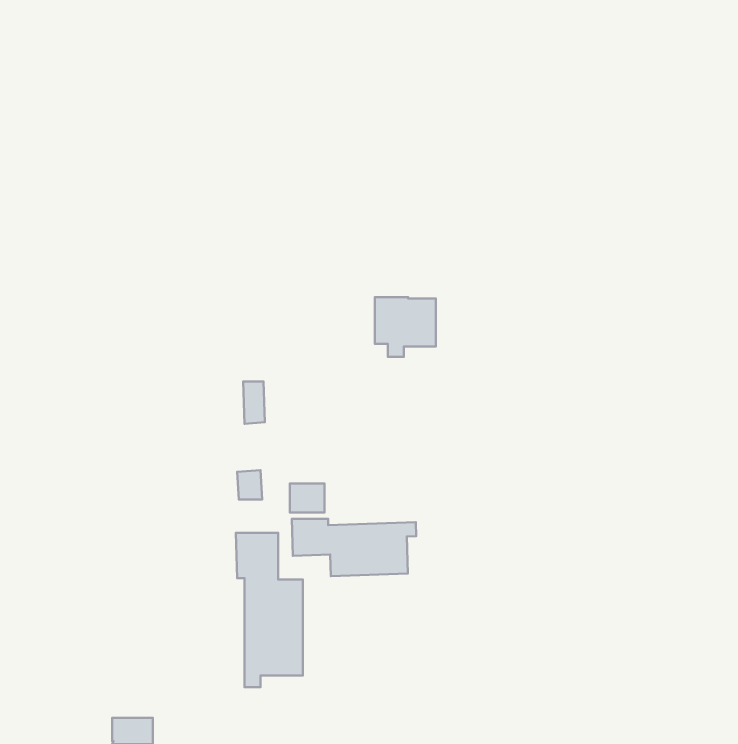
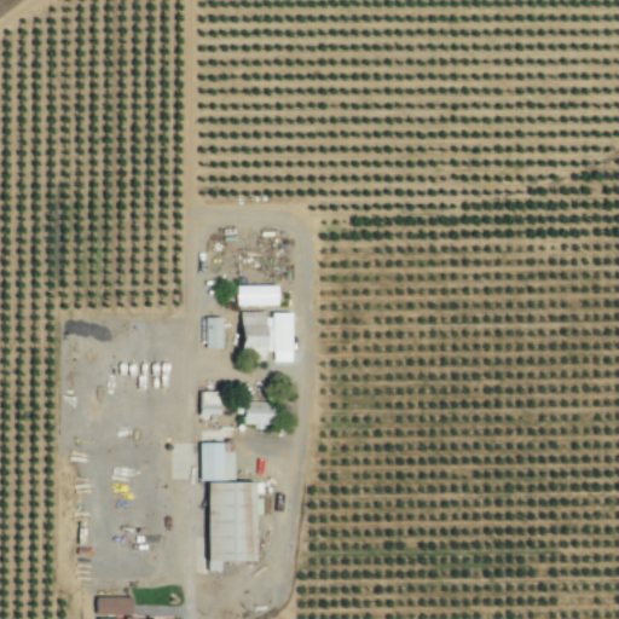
building: [375,297,436,357] -> [243,311,294,360]
building: none -> [238,285,279,305]
building: [292,519,416,576] -> none

